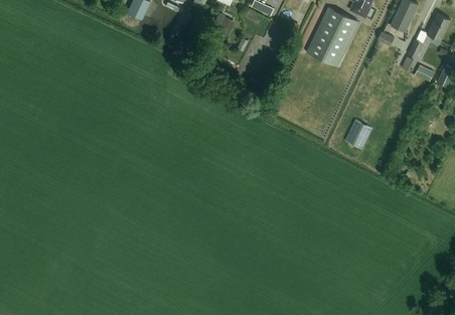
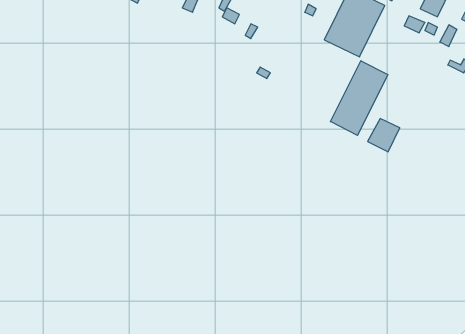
building: none -> [330,61,388,135]

